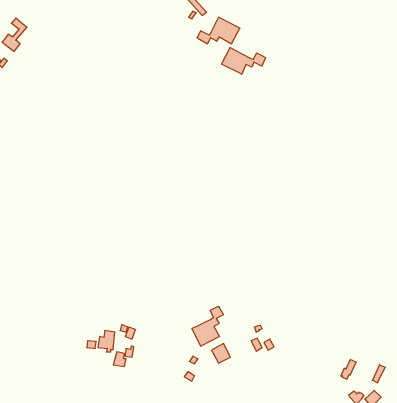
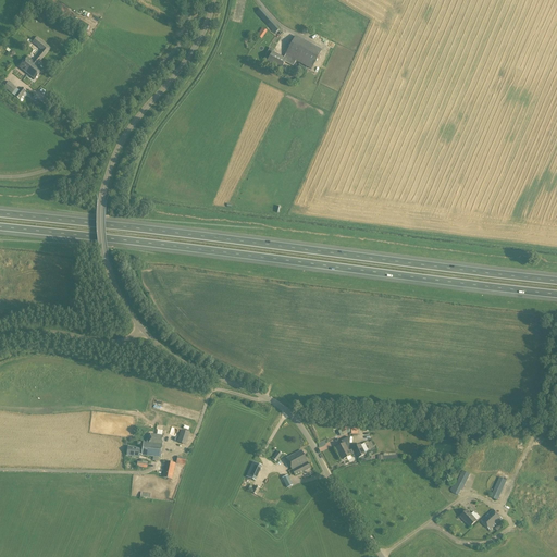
building: [221,47,266,74] -> none
building: [192,306,223,346] -> none

